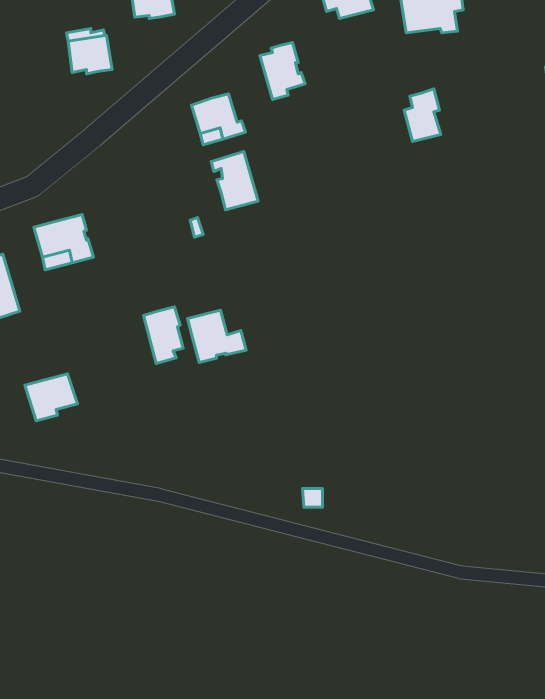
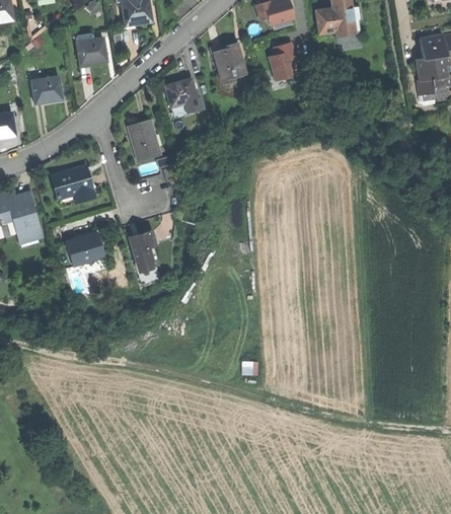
building: [404,89,441,142] -> [270,43,296,80]
building: none -> [32,76,63,102]
building: [211,152,258,210] -> [127,119,160,160]
building: [187,310,246,363] -> none
building: [25,374,77,421] -> [66,231,103,265]

